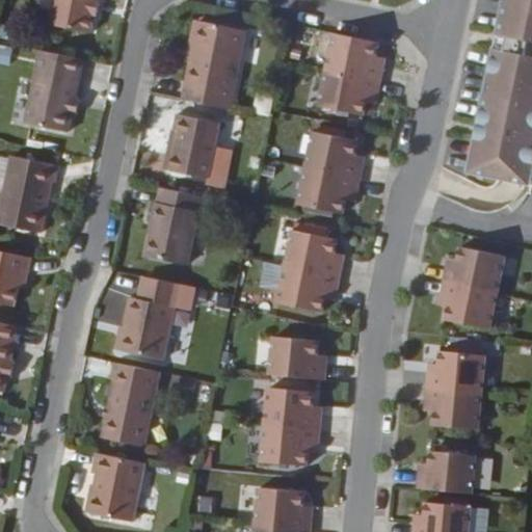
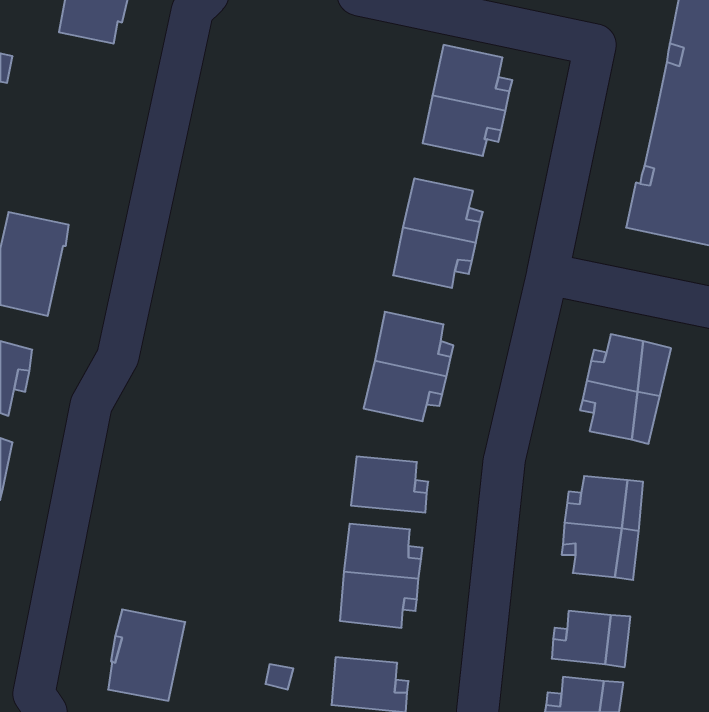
building: [182,21,247,110] -> none
building: [26,51,81,132] -> none
building: [169,114,220,180] -> none
building: [144,187,201,264] -> none
building: [118,276,177,357] -> none
building: [100,362,159,444] -> none

